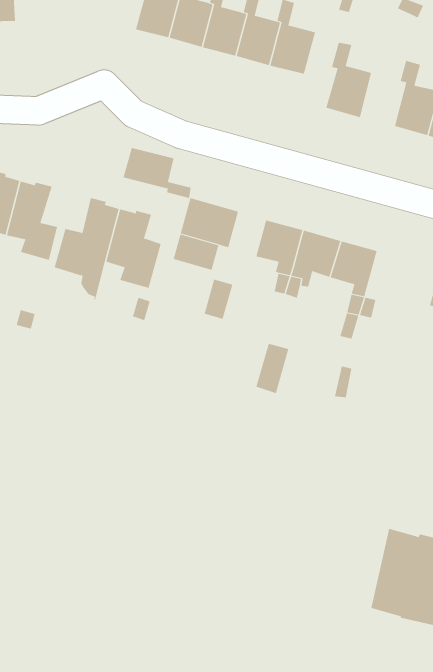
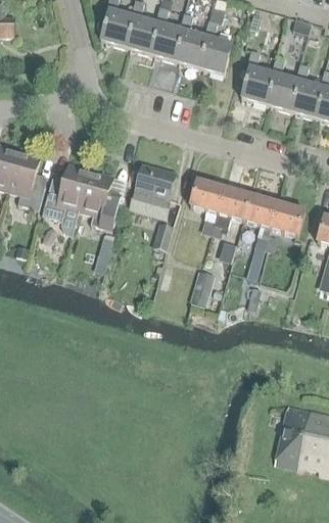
building: none -> [266,55,298,110]
building: [123,147,191,199] -> none
building: none -> [271,201,306,236]

